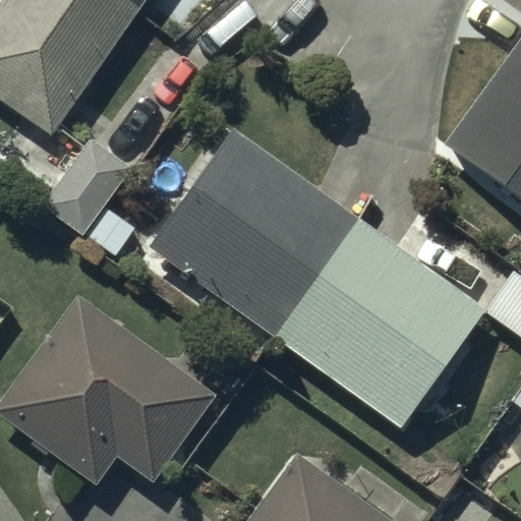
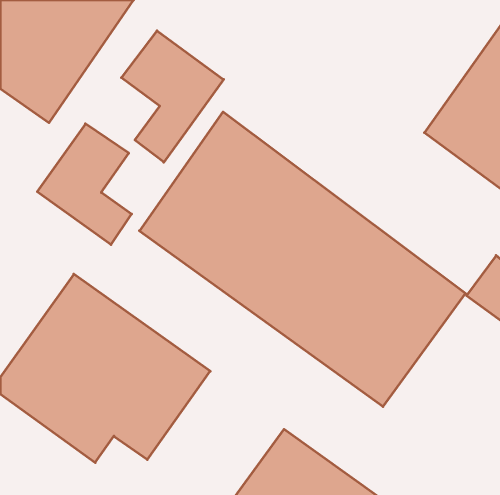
building: none -> [121,31,224,162]

